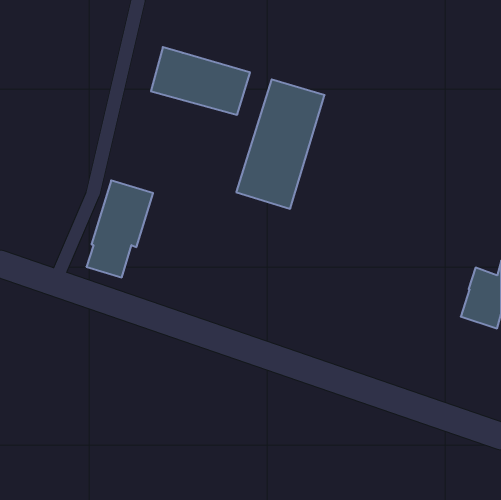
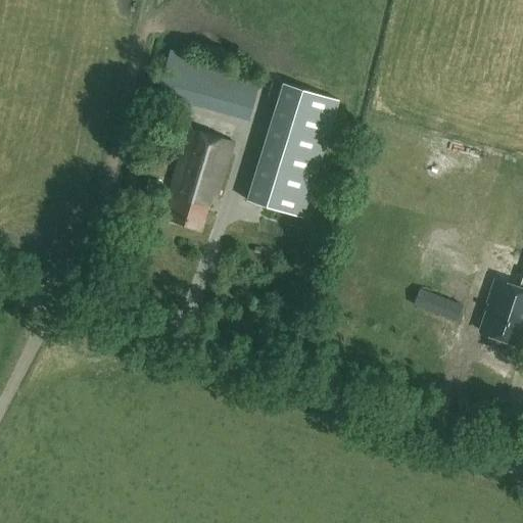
building: [86,180,153,277] -> [163,130,233,231]
building: none -> [413,289,463,322]

